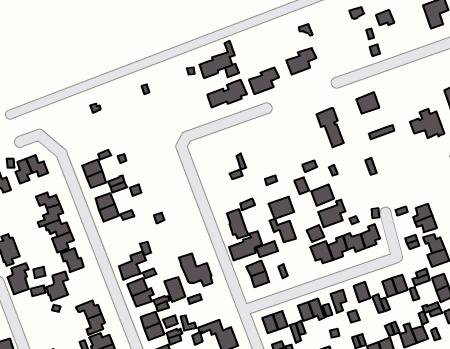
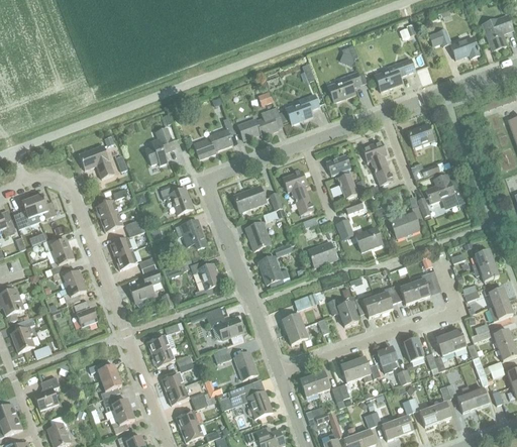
building: none -> [450,36,480,59]
building: none -> [375,59,414,91]
building: [199,41,235,78] -> [194,116,234,158]
building: none -> [145,127,175,164]
building: [410,109,444,138] -> [425,174,464,207]
building: none -> [79,144,114,178]
building: none -> [325,153,358,198]
building: none -> [282,170,313,215]
building: none -> [160,184,193,214]
building: none -> [233,185,266,211]
building: none -> [176,219,207,249]
building: none -> [245,221,271,250]
building: [318,200,346,227] -> [391,206,422,237]
building: none -> [190,259,220,289]
building: [269,219,296,242] -> [328,299,358,325]
building: [229,231,262,261] -> none
building: [119,251,146,280] -> [129,269,161,302]
building: [46,272,68,301] -> [33,376,59,410]
building: [164,277,185,302] -> [233,351,257,379]

